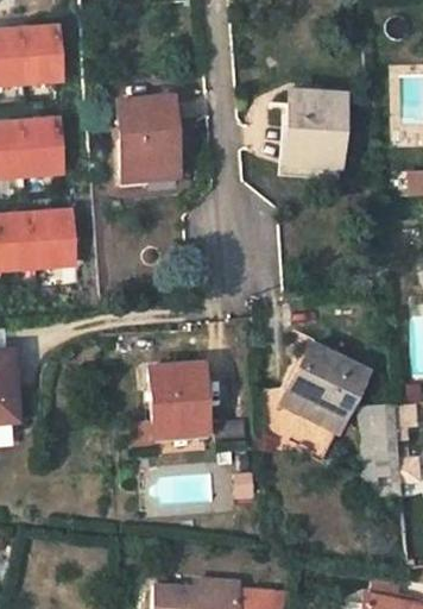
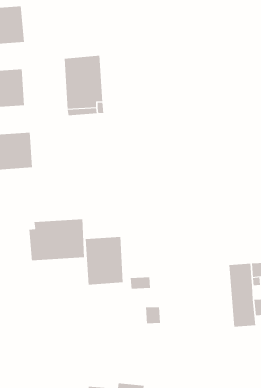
building: [285,90,346,180] -> none
building: none -> [29,219,84,261]
building: [261,345,367,460] -> none

